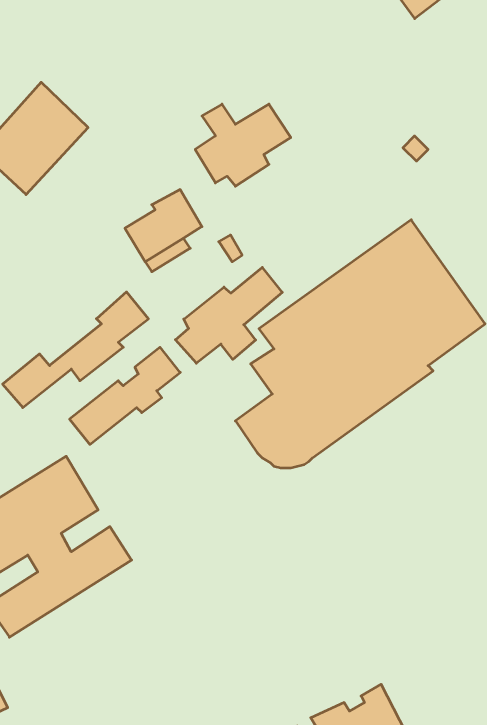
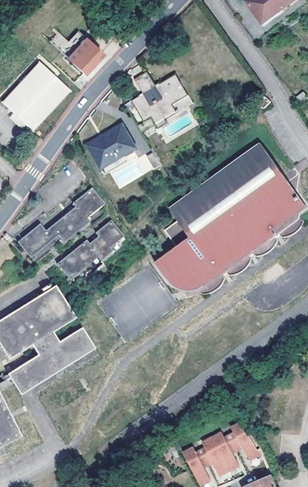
building: none -> [67,39,101,73]
building: [175,267,282,363] -> none

